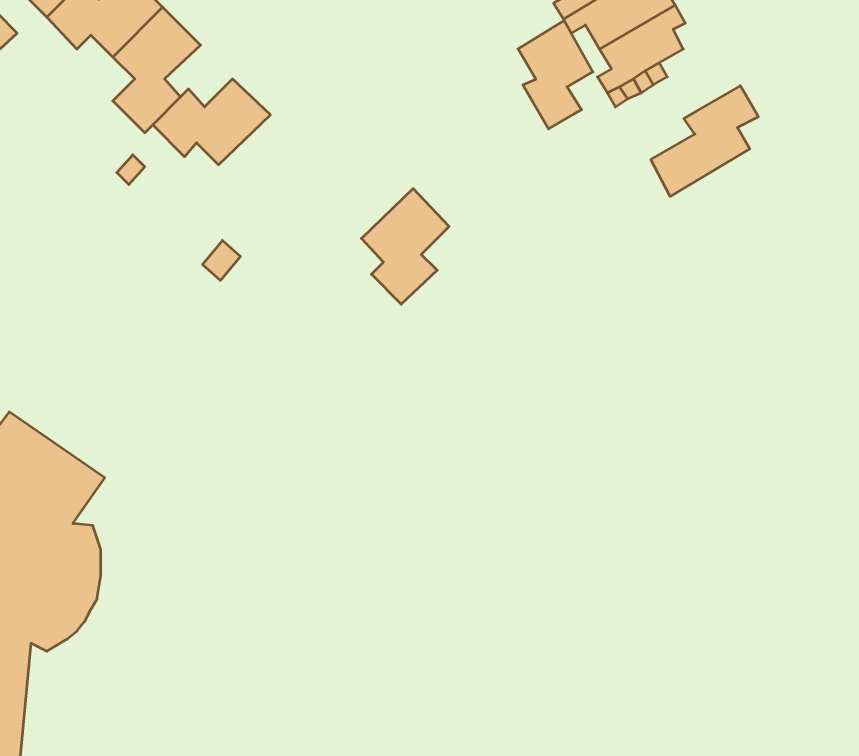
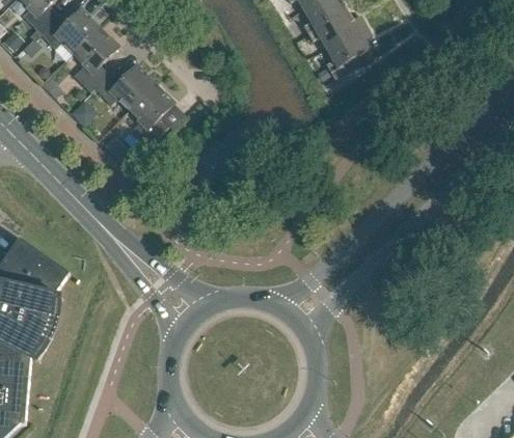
building: [518,20,593,129] -> none
building: [651,86,758,196] -> none
building: [361,189,449,304] -> [128,82,173,142]

